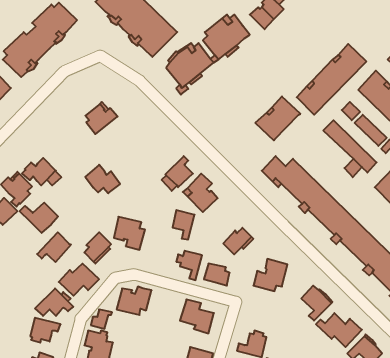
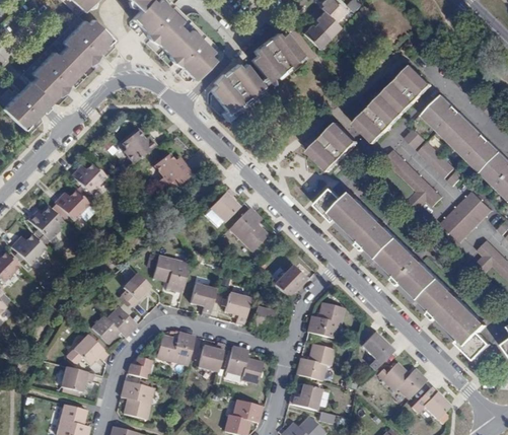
building: none -> [71,164,106,198]
building: [85,165,120,193] -> [154,153,193,185]
building: [20,203,58,233] -> none
building: [173,210,195,240] -> [192,284,216,316]
building: [37,232,71,262] -> none
building: none -> [197,343,224,371]
building: none -> [296,343,335,381]

